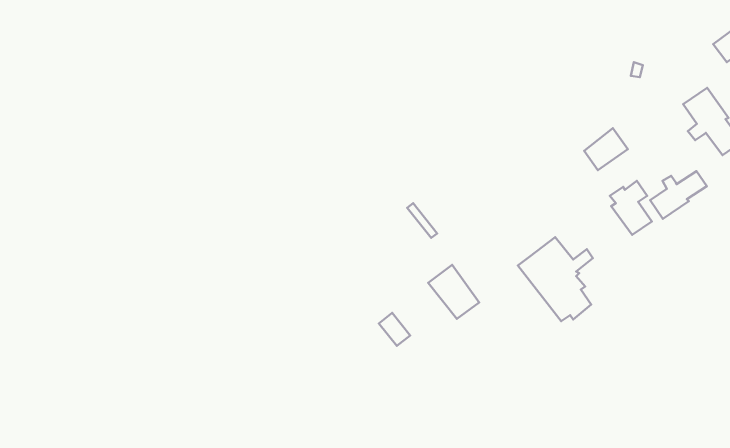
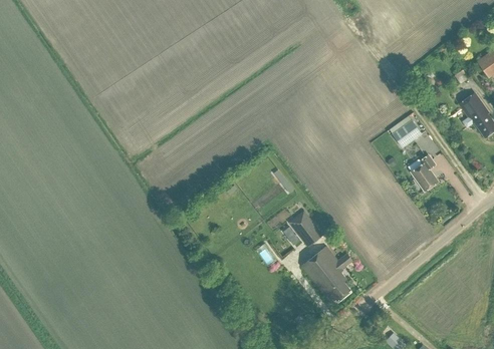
building: [650,171,707,219] -> none
building: [518,237,593,321] -> [300,245,350,301]

